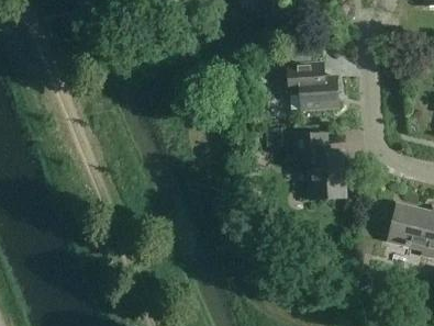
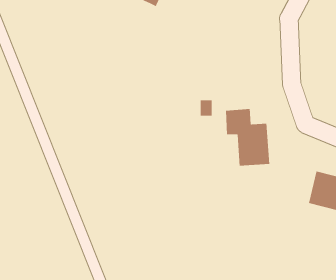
building: [287,52,340,109] -> none

